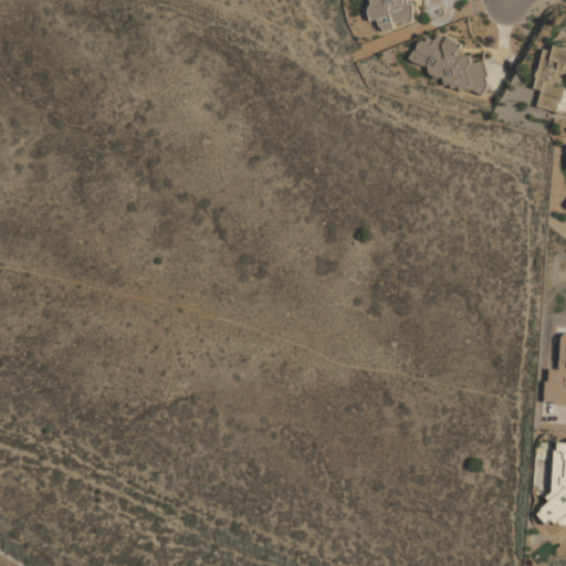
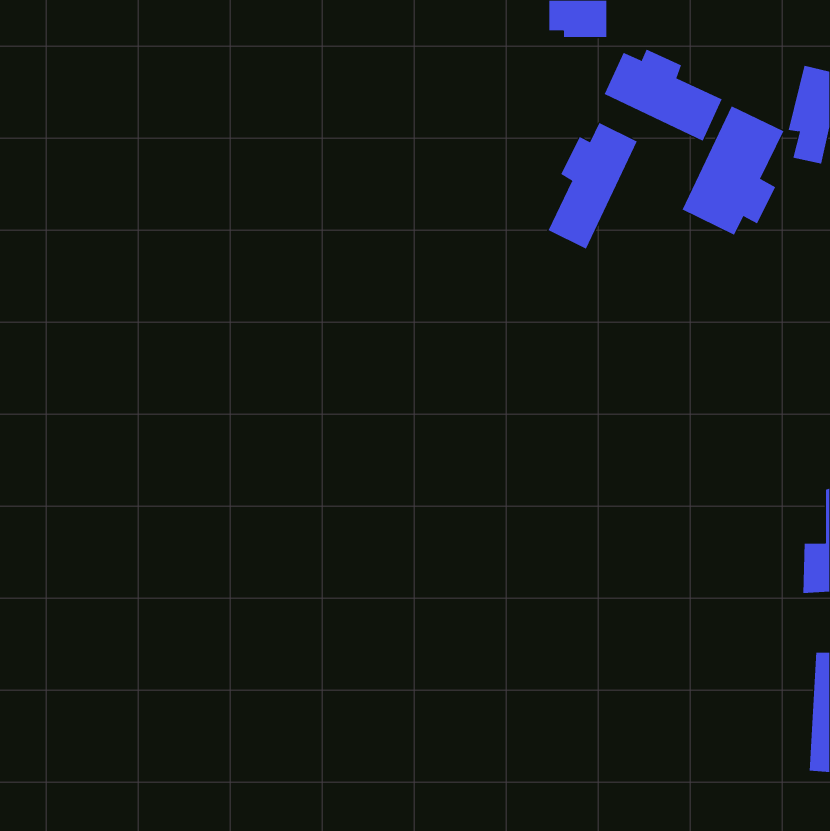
building: none -> [682,105,784,235]
building: none -> [548,122,638,249]

